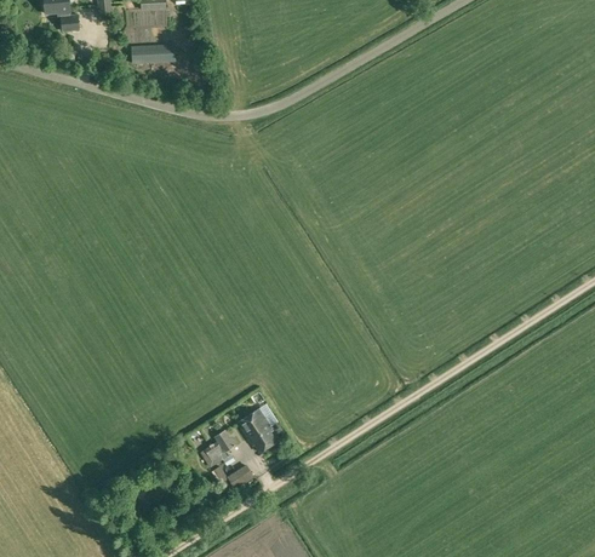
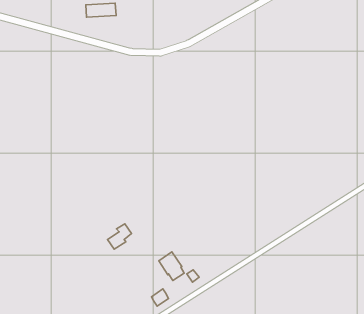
building: [200,430,235,467] -> [108,224,131,249]

